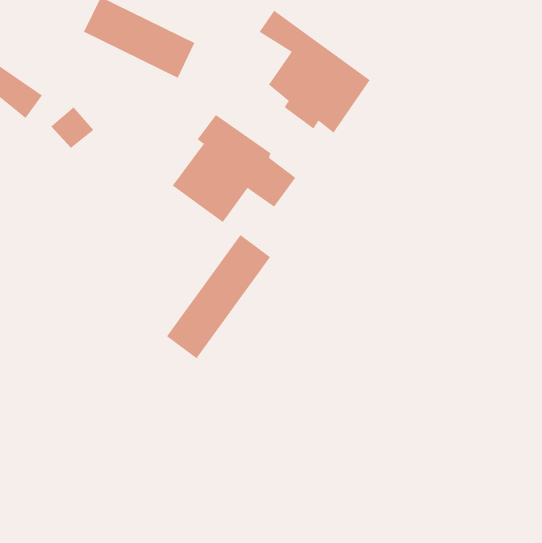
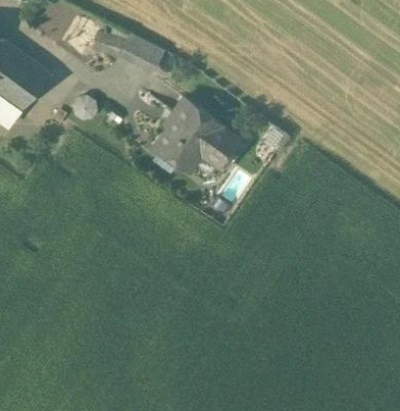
building: [259,10,371,133] -> none
building: [166,234,271,359] -> none

